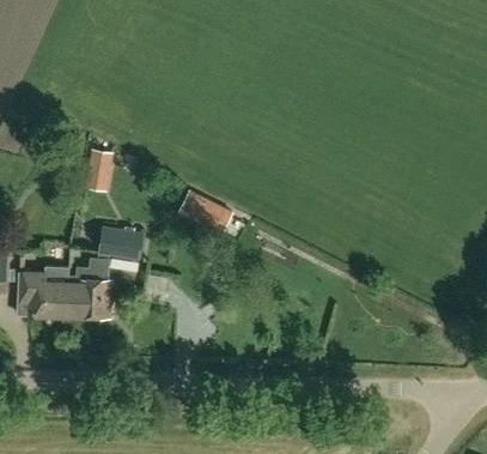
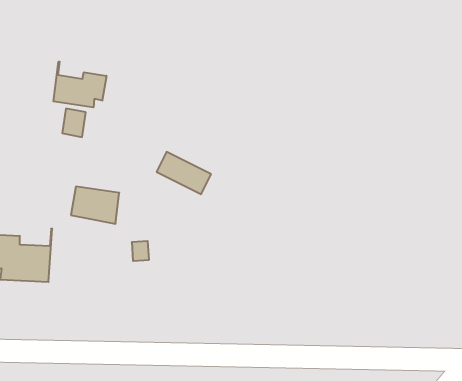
building: none -> [53,62,106,107]
building: [74,253,112,319] -> none

